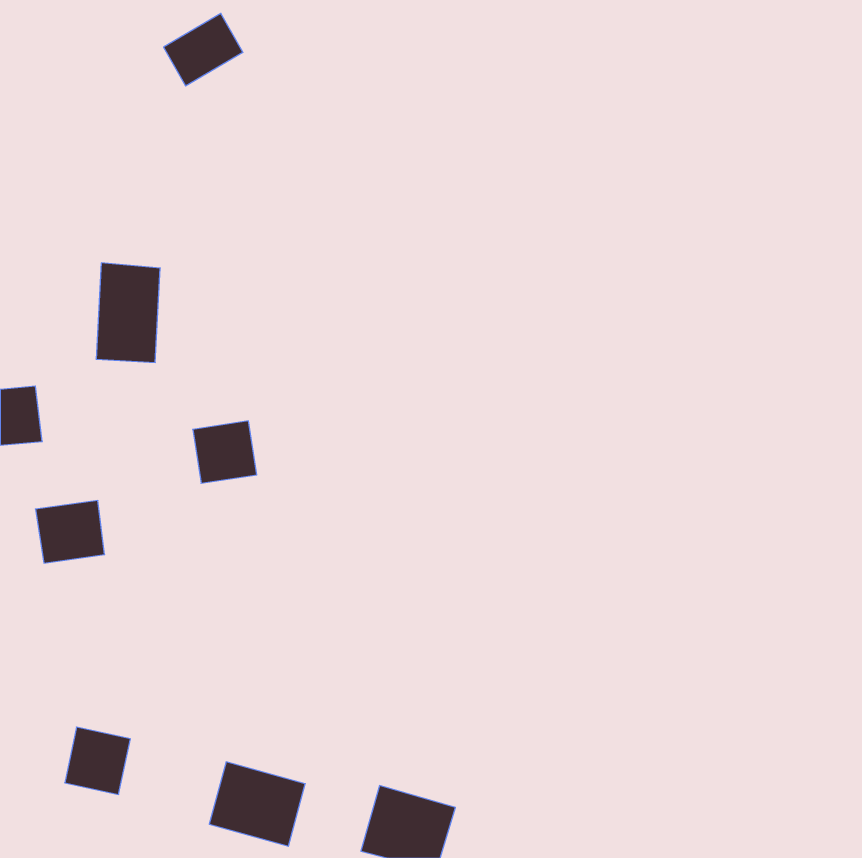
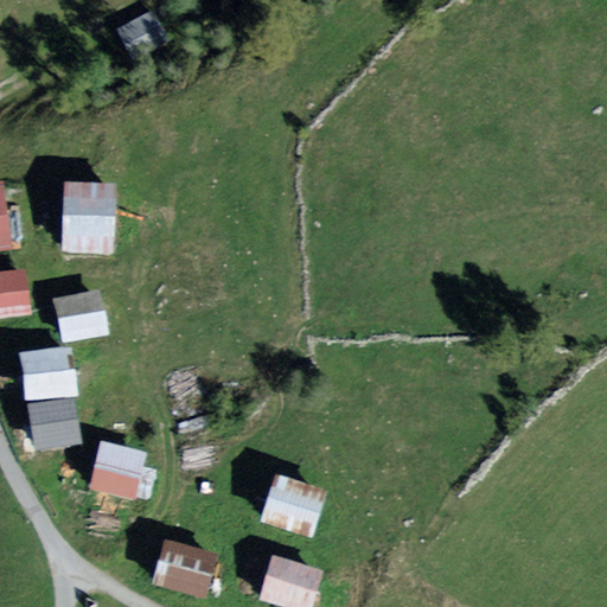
building: [193,421,257,483] -> [57,294,102,338]
building: none -> [31,404,79,448]
building: none -> [255,473,324,537]
building: [65,727,130,794] -> [94,449,140,497]

